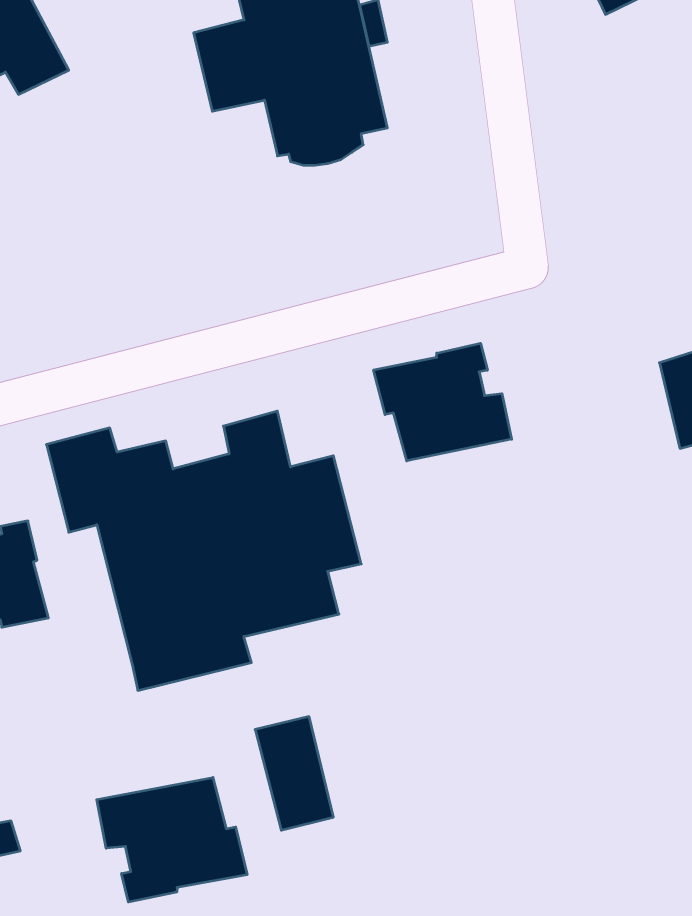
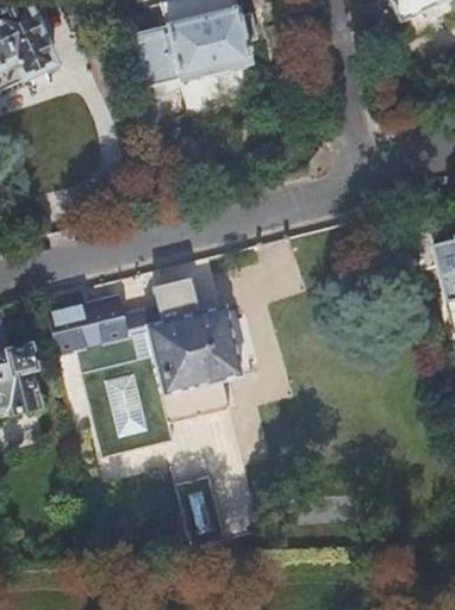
building: [374,343,512,461] -> none
building: [97,777,247,902] -> none

